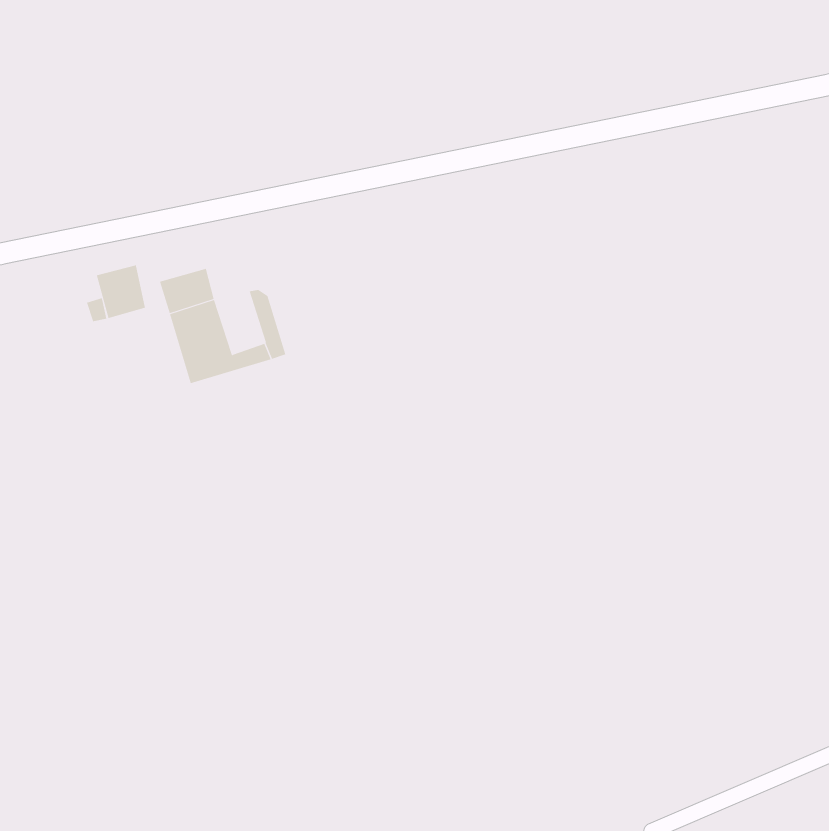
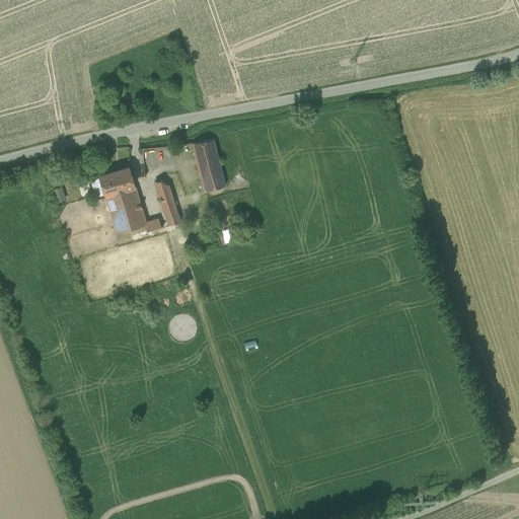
building: none -> [194,139,226,192]
building: [96,264,146,319] -> none

